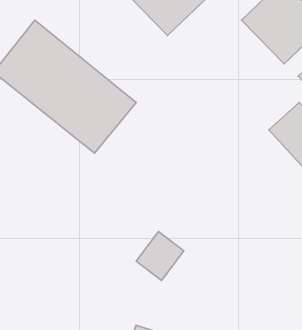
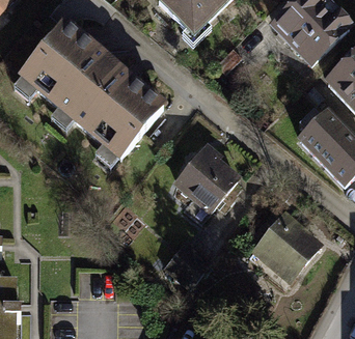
building: none -> [173,143,240,210]
building: none -> [247,208,322,283]

